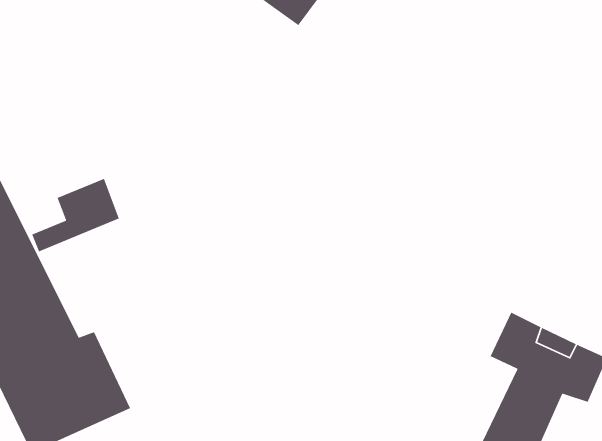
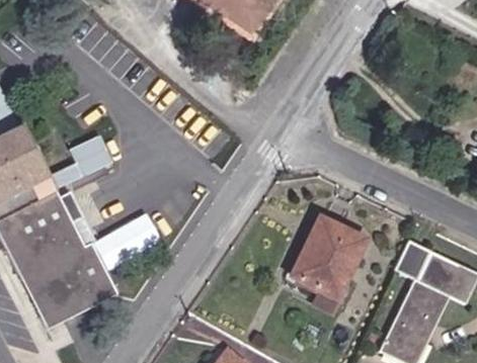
building: none -> [284,216,354,315]

